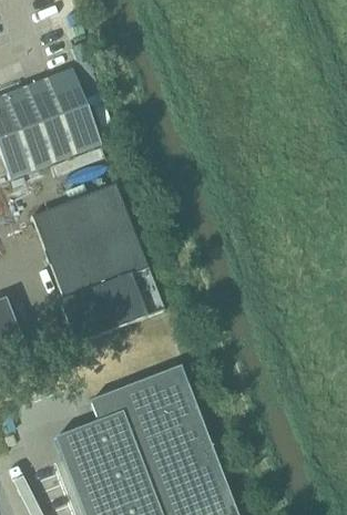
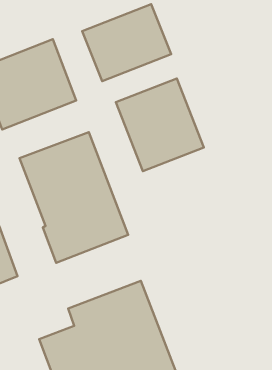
building: none -> [82,4,171,81]
building: none -> [116,79,204,171]

